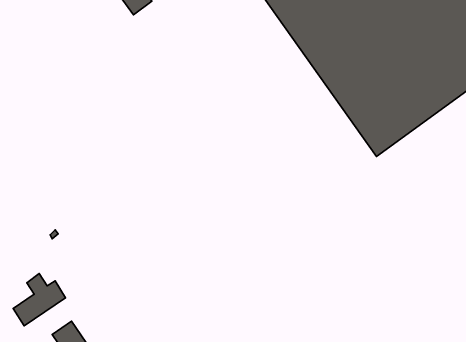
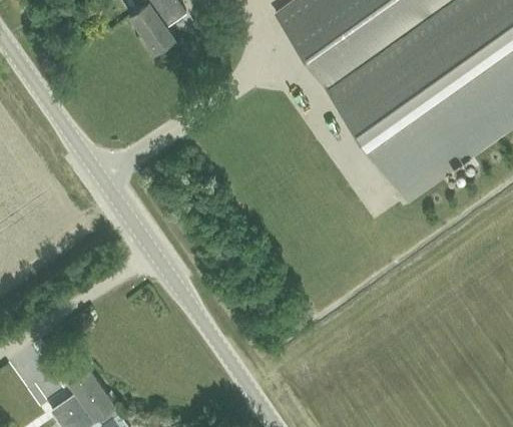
building: [13,274,65,326] -> none

